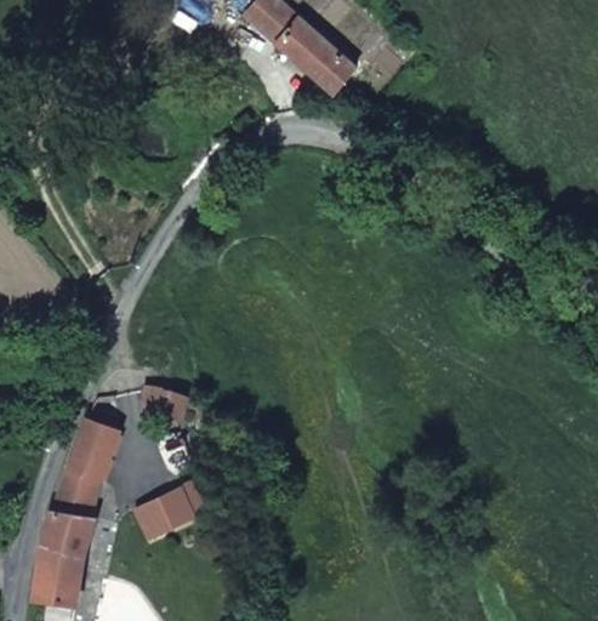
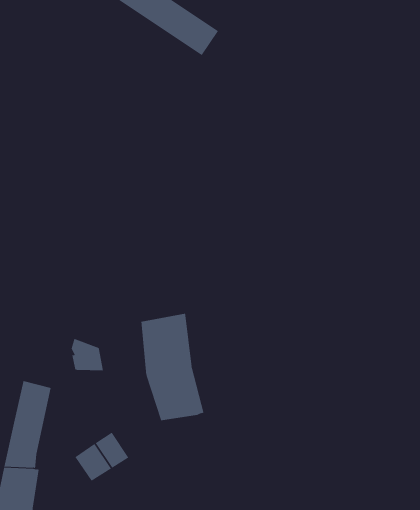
building: none -> [141,313,204,421]

